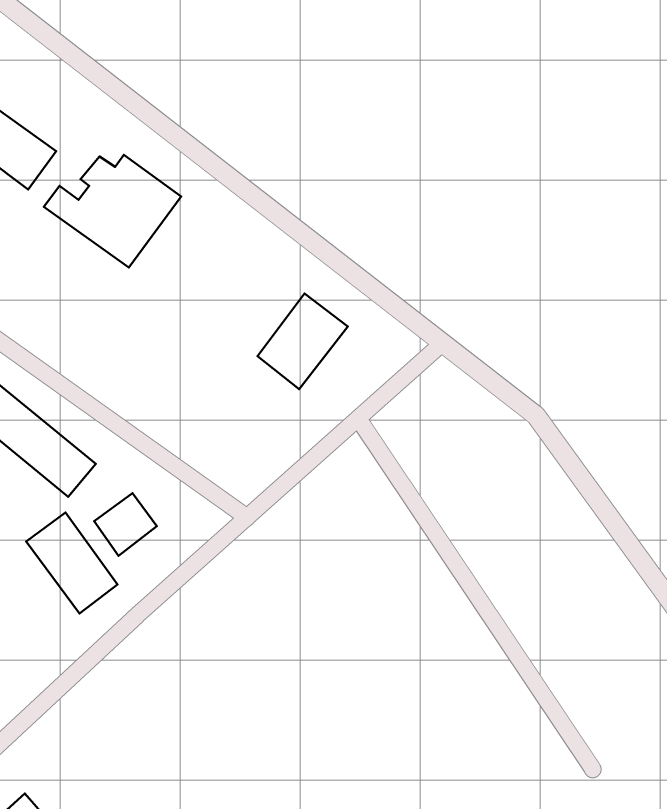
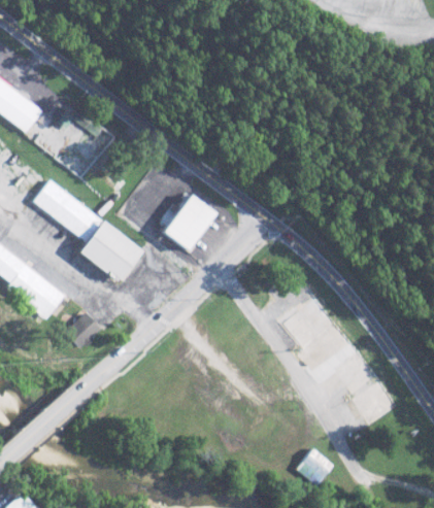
building: none -> [29,182,140,279]
building: [26,513,118,614] -> none
building: none -> [296,448,333,485]

